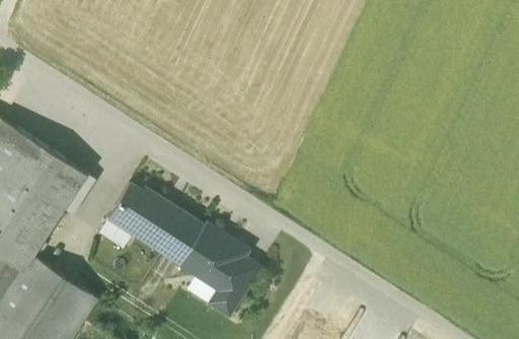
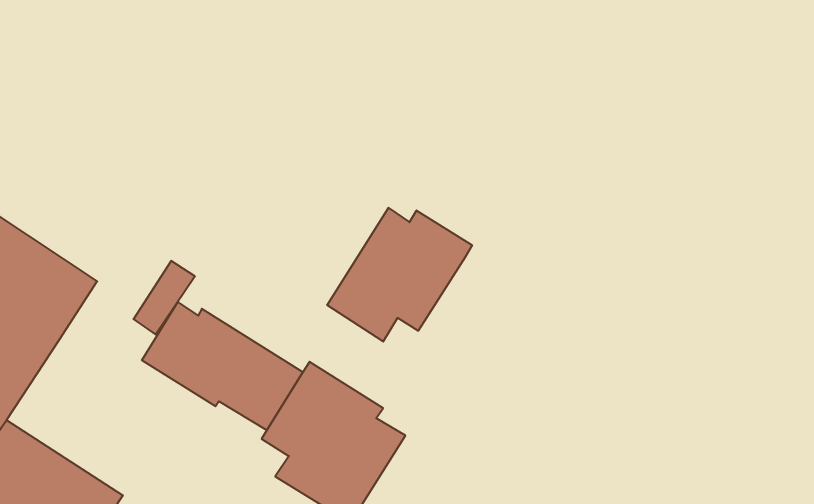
building: none -> [327,208,472,342]
building: [59,173,95,216] -> [133,261,195,335]

